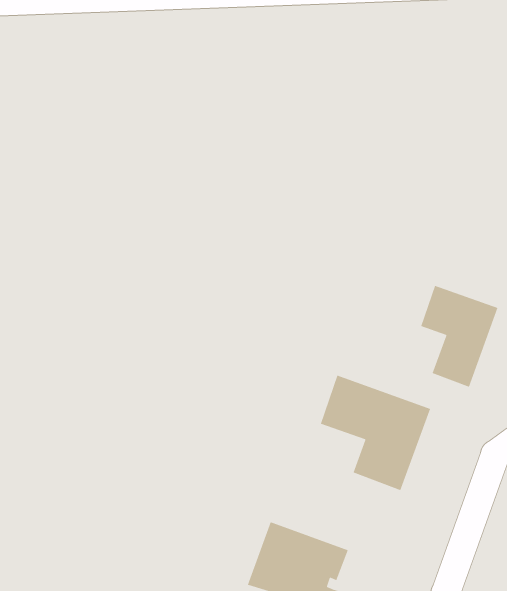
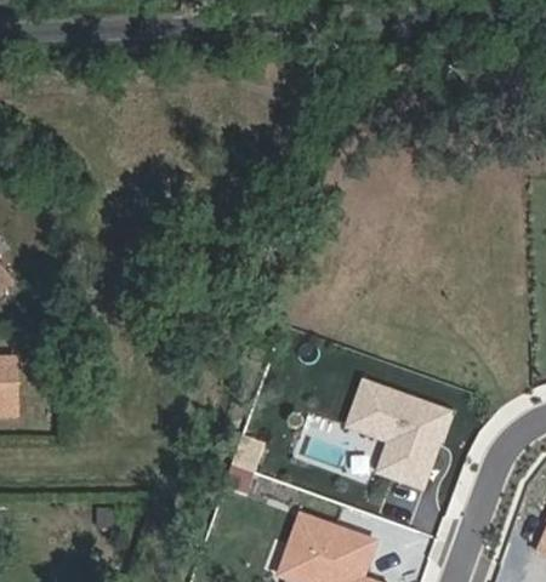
building: [420,285,498,388] -> none

